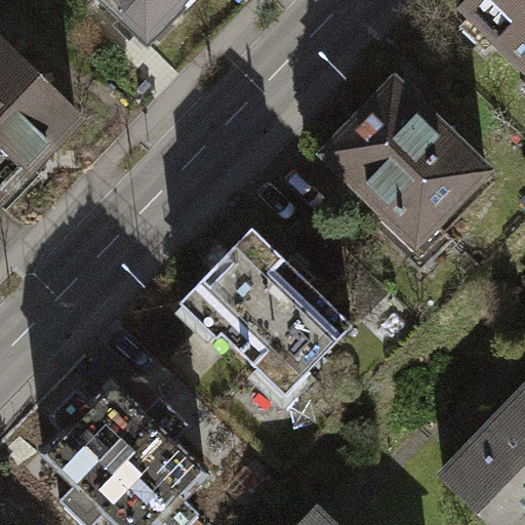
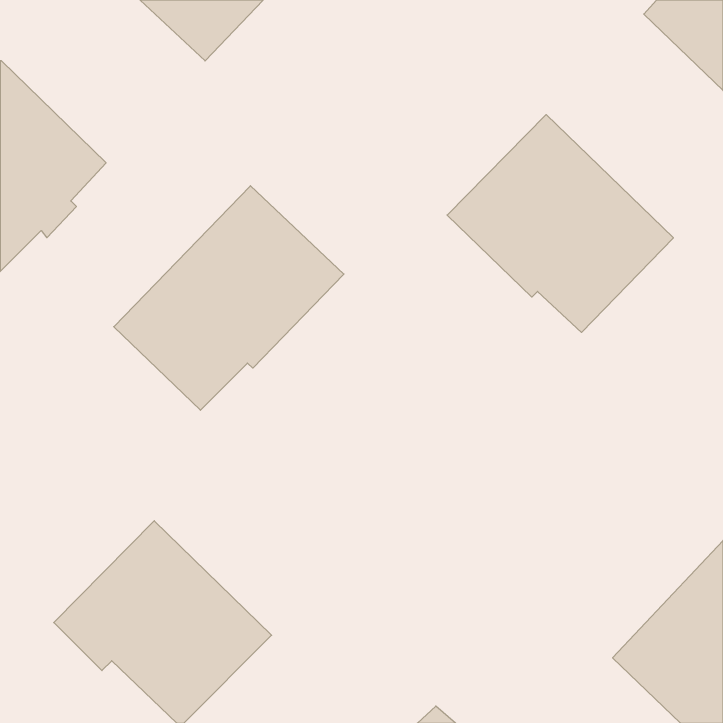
building: none -> [114,186,344,410]
building: [181,231,354,396] -> none

